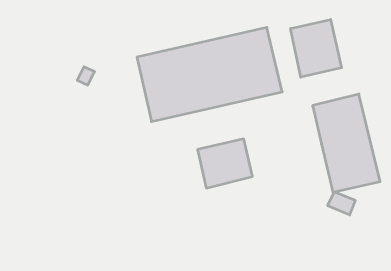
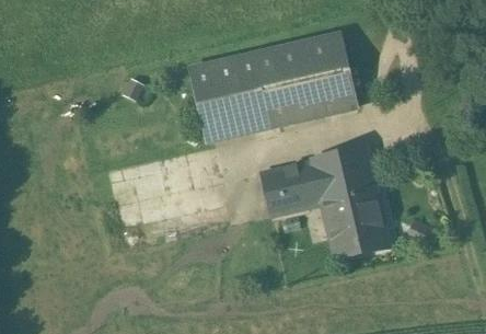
building: [291,19,342,77] -> none
building: [313,94,380,192] -> [312,146,389,257]

